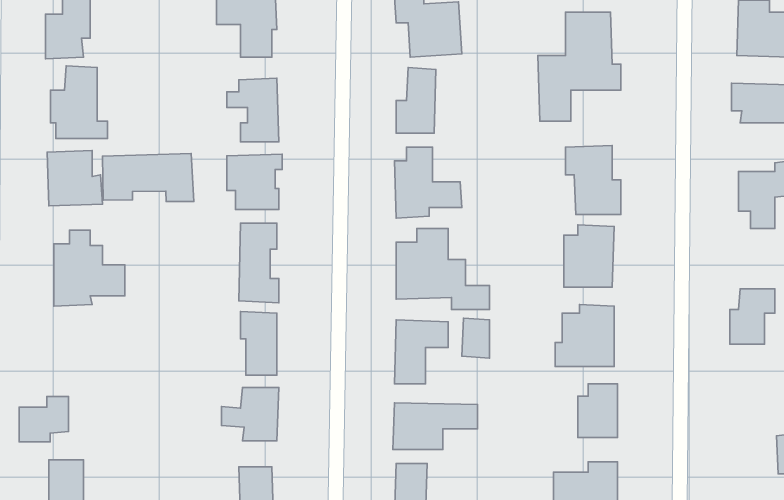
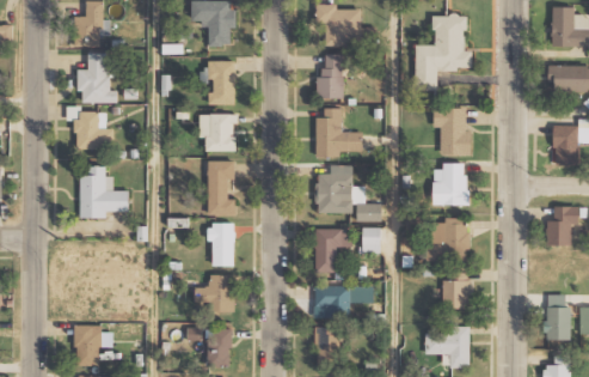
building: [103,153,194,202] -> none
building: [19,397,69,442] -> none
building: none -> [545,293,570,340]

